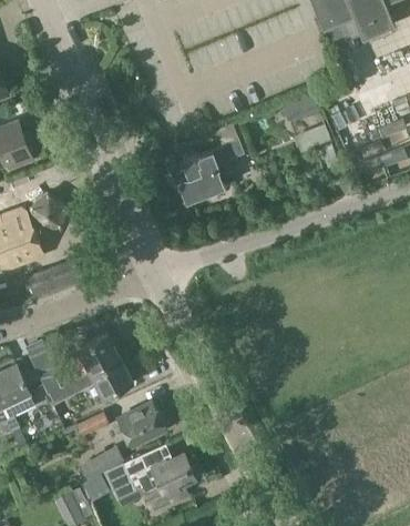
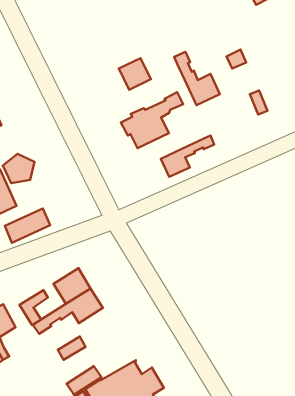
building: none -> [174,52,220,105]
building: none -> [119,58,151,90]
building: none -> [161,136,214,177]
building: [111,402,165,446] -> none

